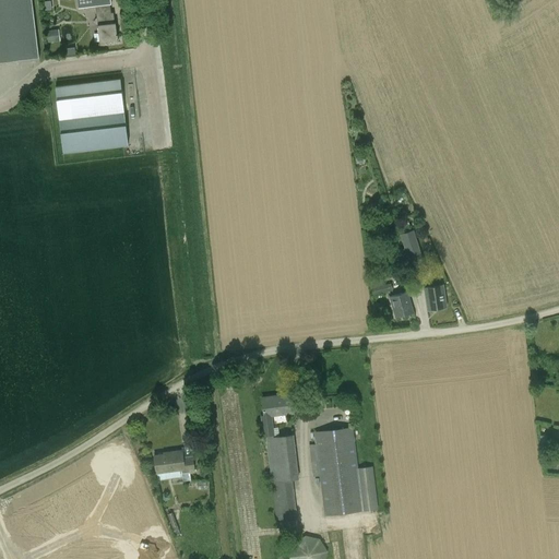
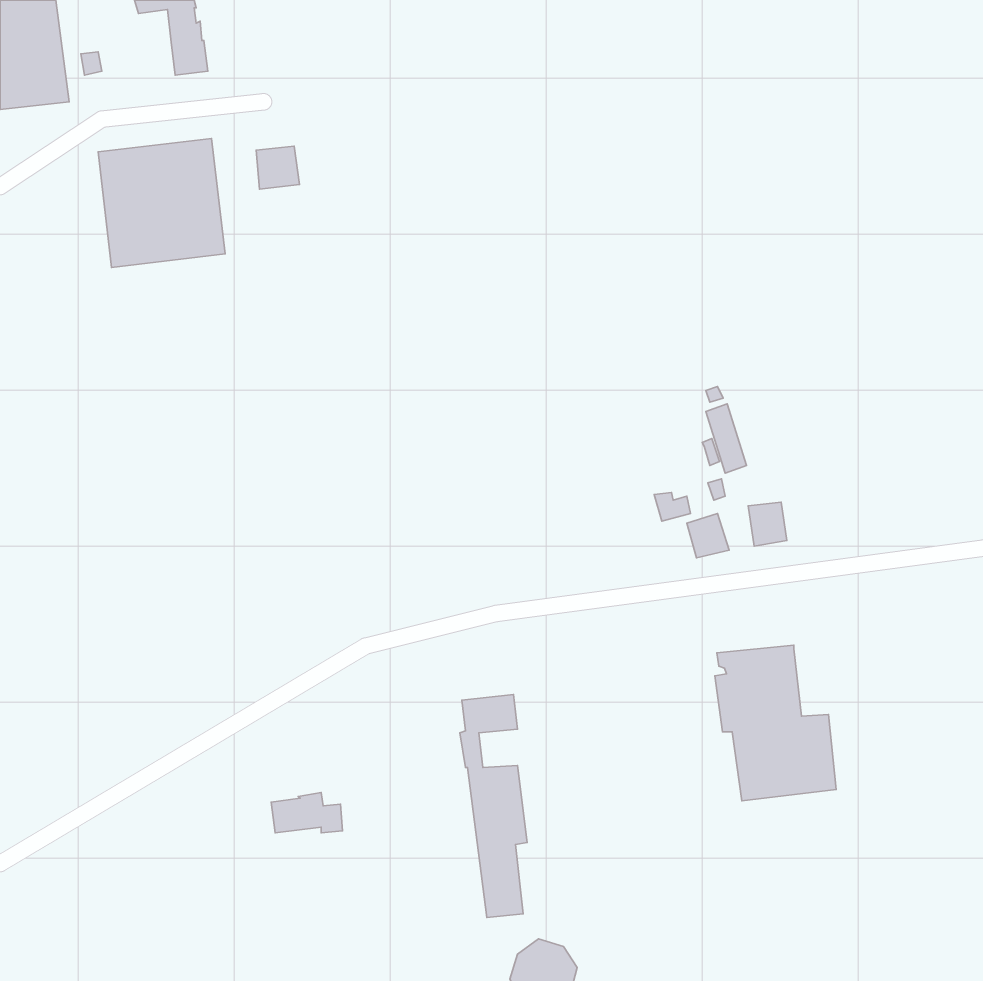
building: none -> [256,146,299,189]
building: [309,428,378,516] -> [715,645,836,801]

